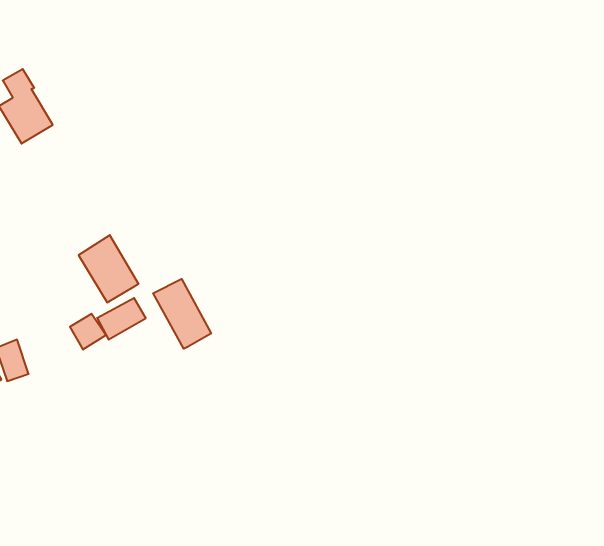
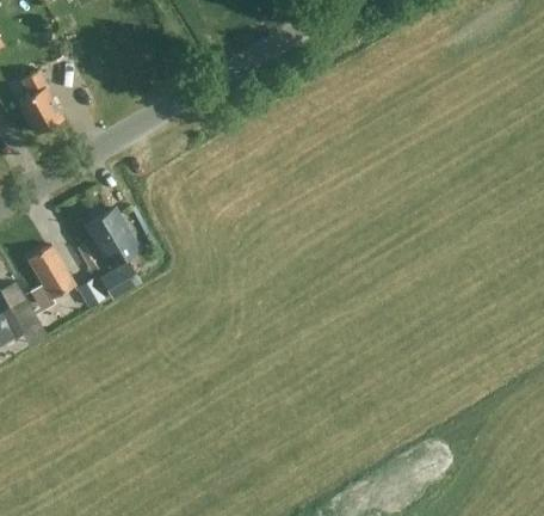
building: [153,279,211,349] -> none
building: none -> [26,246,73,300]

